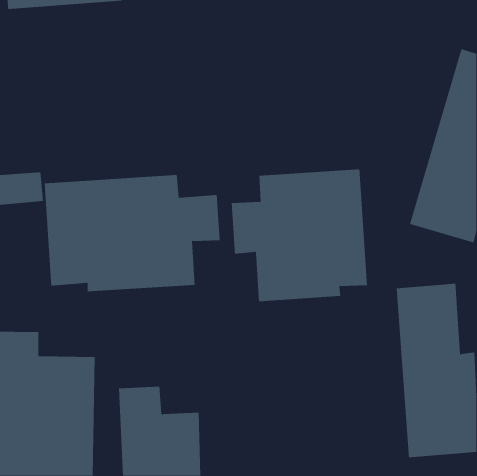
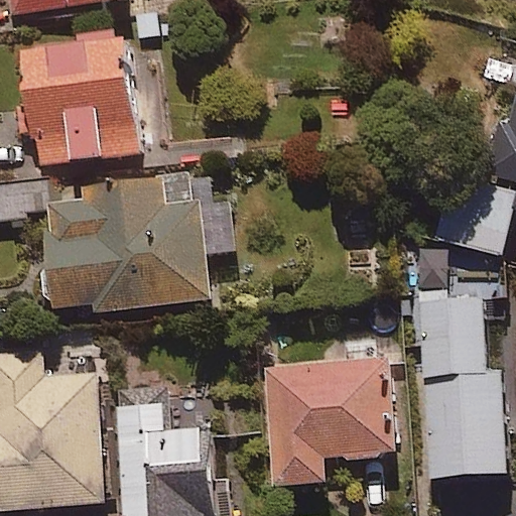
building: none -> [14,46,140,169]
building: [231,169,367,302] -> none
building: none -> [265,358,392,483]

